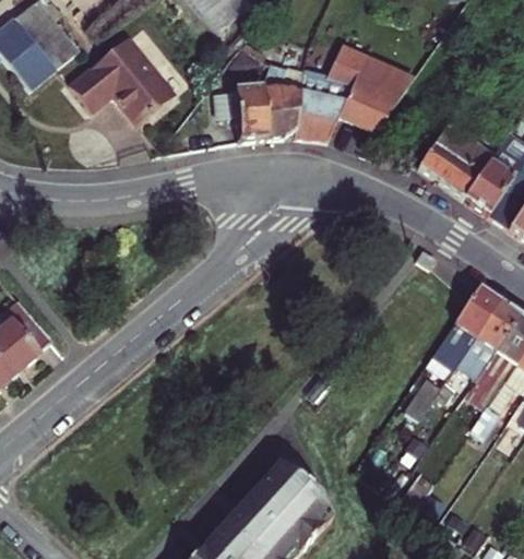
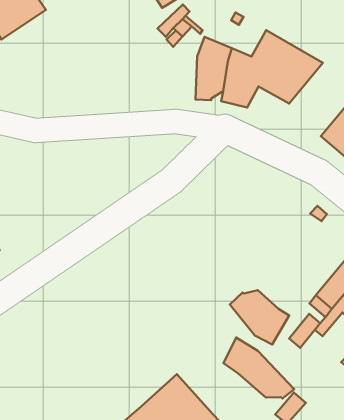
building: [70,37,174,124] -> none
building: [216,85,266,139] -> none
building: none -> [230,290,289,344]
building: none -> [224,337,294,399]

